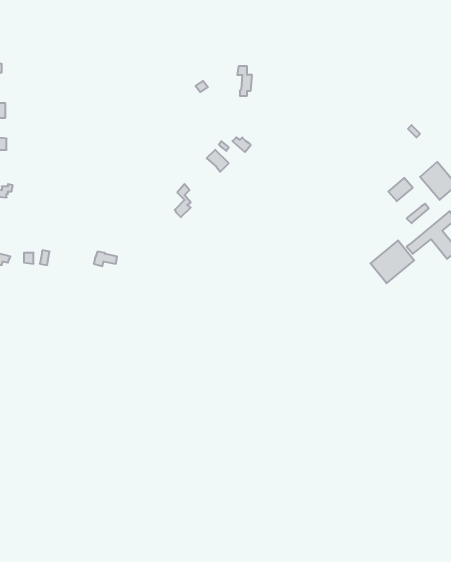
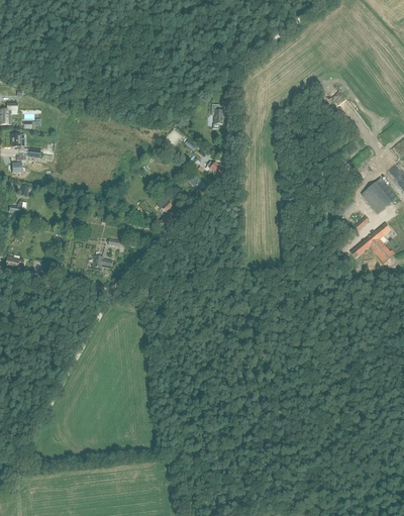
building: [370,240,414,283] -> none

